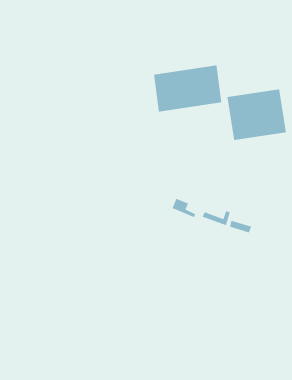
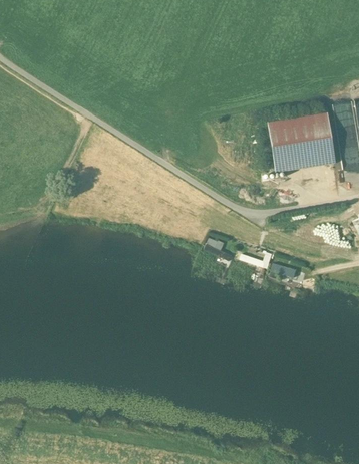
building: [153,65,222,112] -> none

